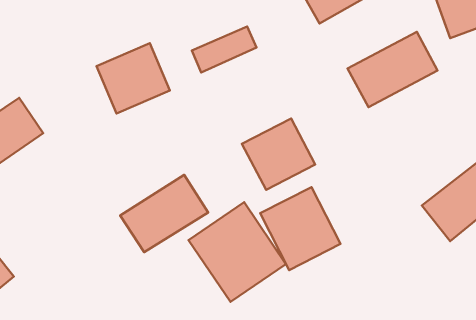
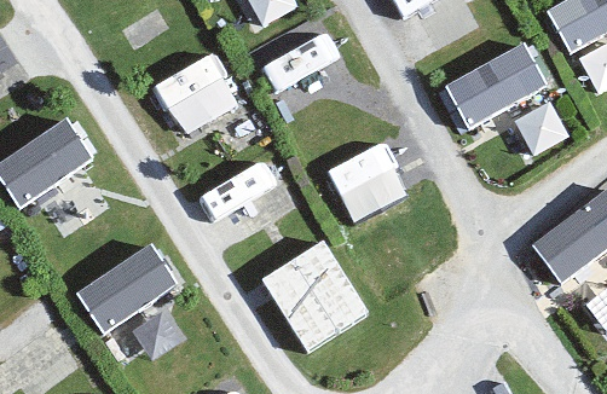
building: [120,175,208,252] -> [75,244,177,334]
building: [260,187,341,270] -> none

